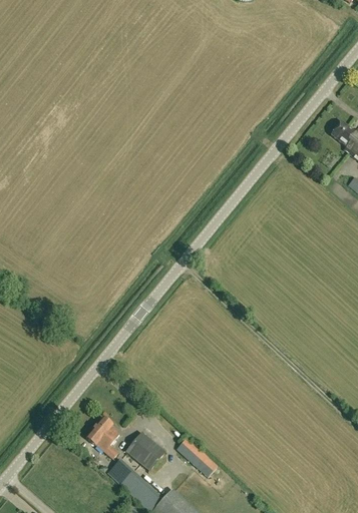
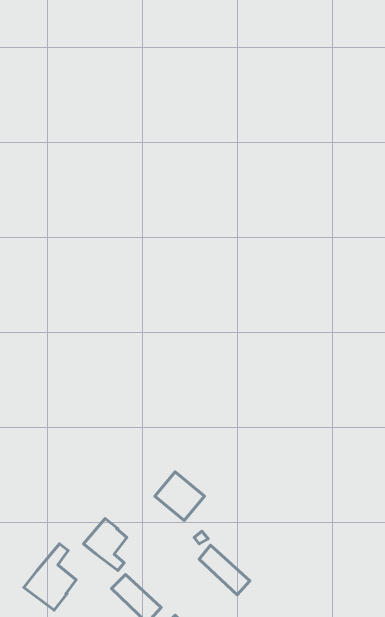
building: [126,432,165,470] -> [155,472,204,520]
building: none -> [24,544,76,610]

